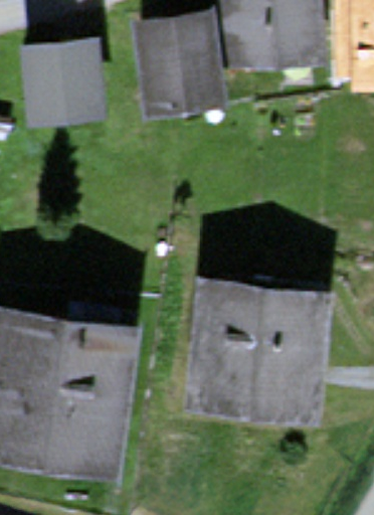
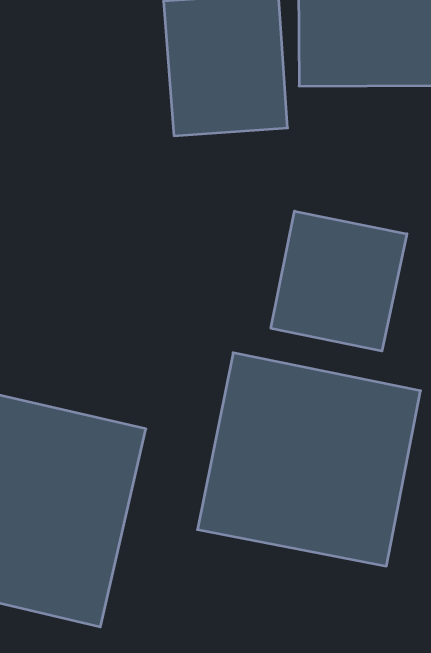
building: [24,46,107,125] -> none
building: none -> [271,211,407,351]

